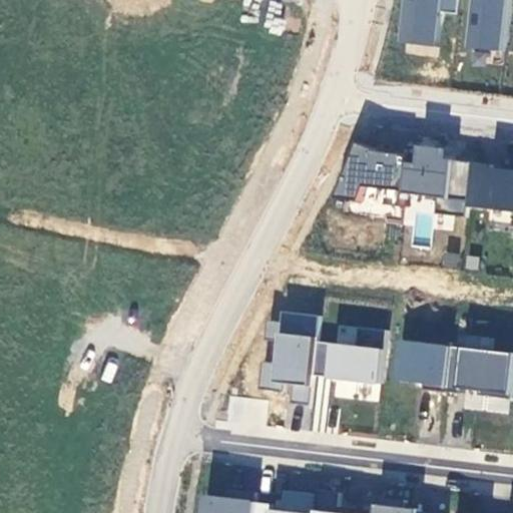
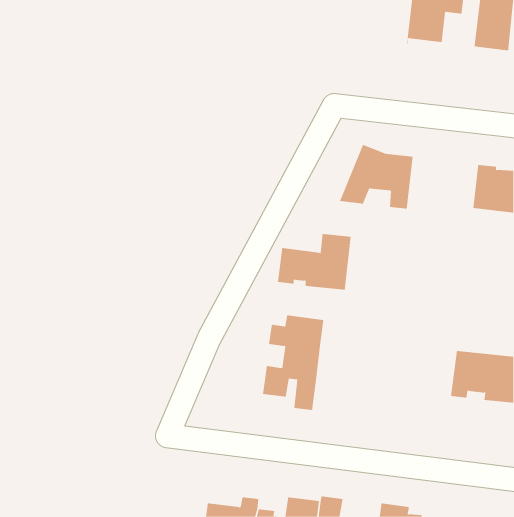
building: [403,144,471,216] -> none
building: [313,327,386,383] -> [277,233,351,290]
building: [395,340,450,392] -> none

